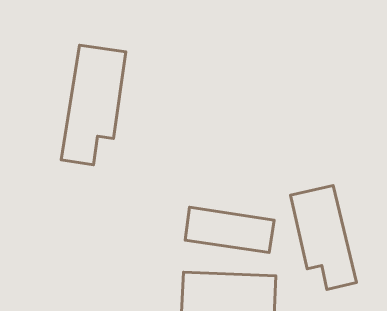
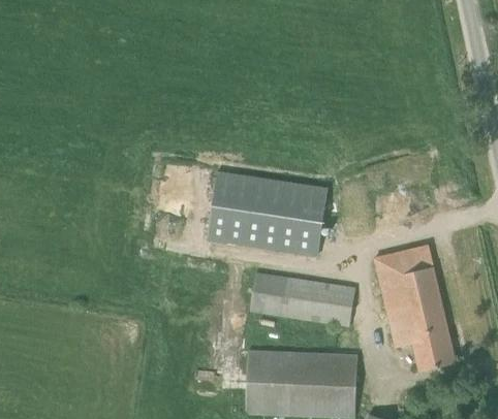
building: [61,45,126,165] -> none
building: none -> [207,170,329,259]

